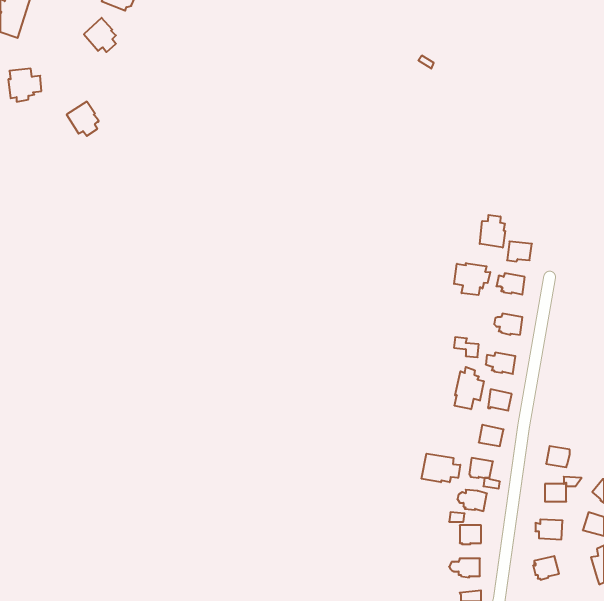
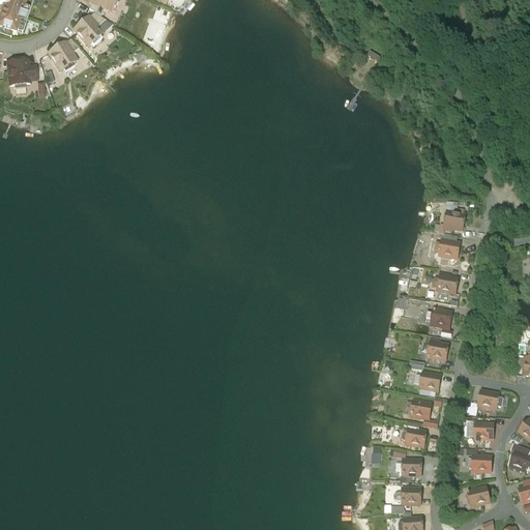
building: [67,102,99,136] -> [48,41,76,71]
building: [480,215,505,248] -> none
building: [454,263,490,295] -> none
building: [455,367,484,409] -> none
building: [422,454,460,482] -> none

